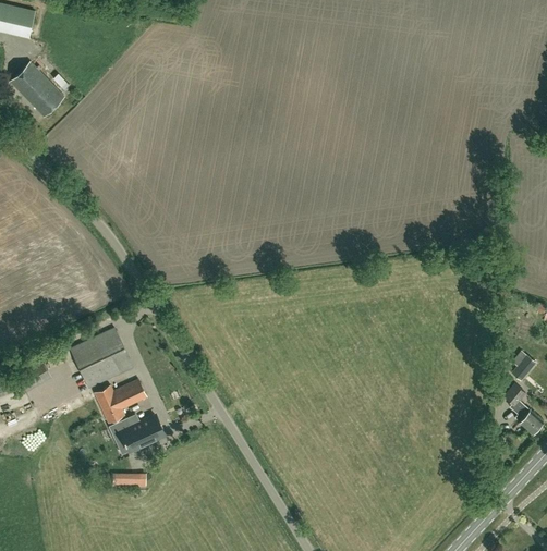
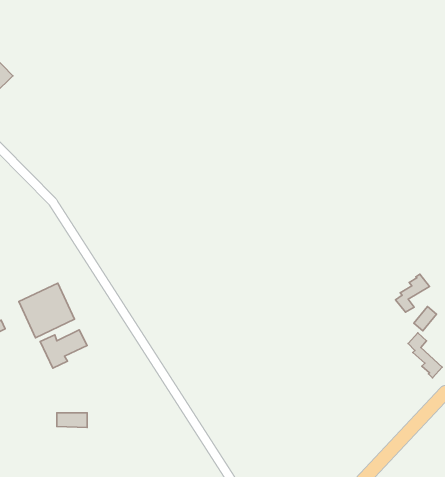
building: none -> [395,274,430,312]
building: [108,415,165,451] -> none

